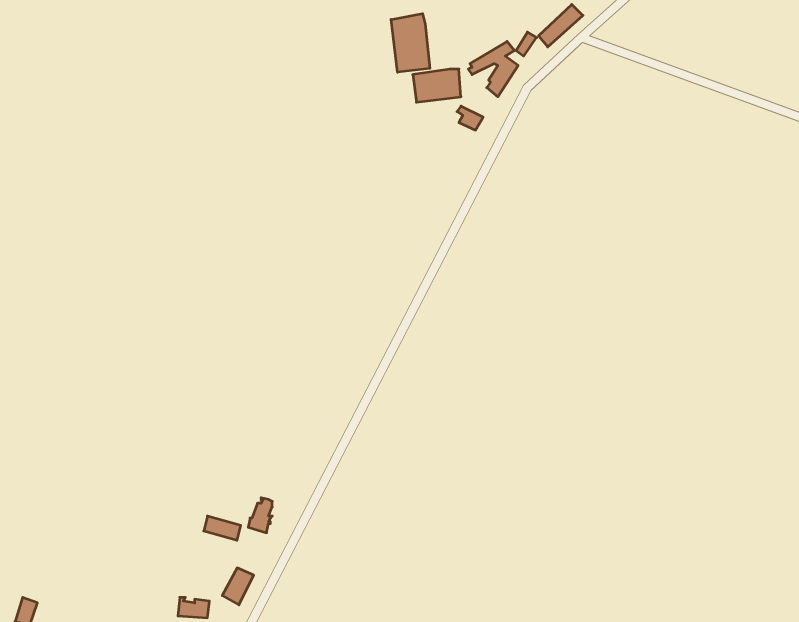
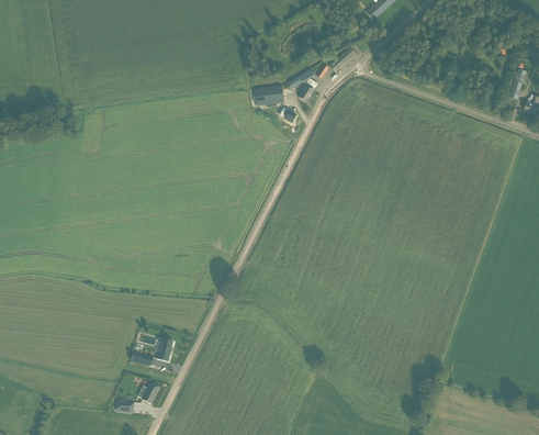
building: [391,14,430,72] -> none

